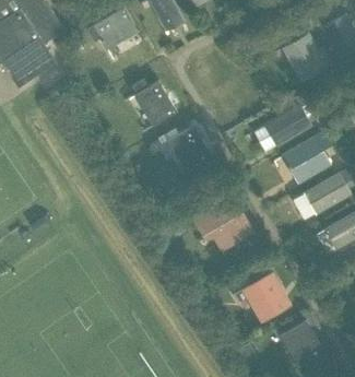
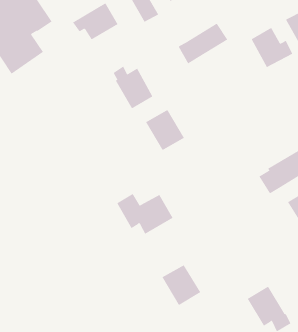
building: [255,105,310,151] -> [178,23,228,64]
building: [282,129,331,181] -> none
building: [189,203,252,249] -> [116,193,174,235]
building: [245,274,288,320] -> [162,264,201,306]

